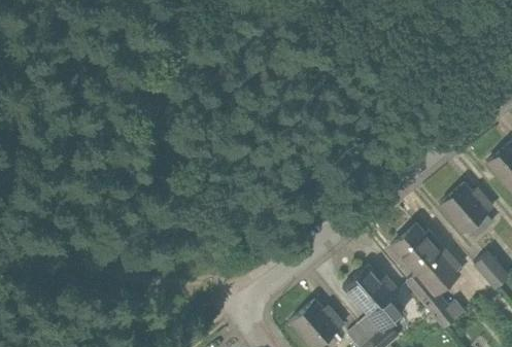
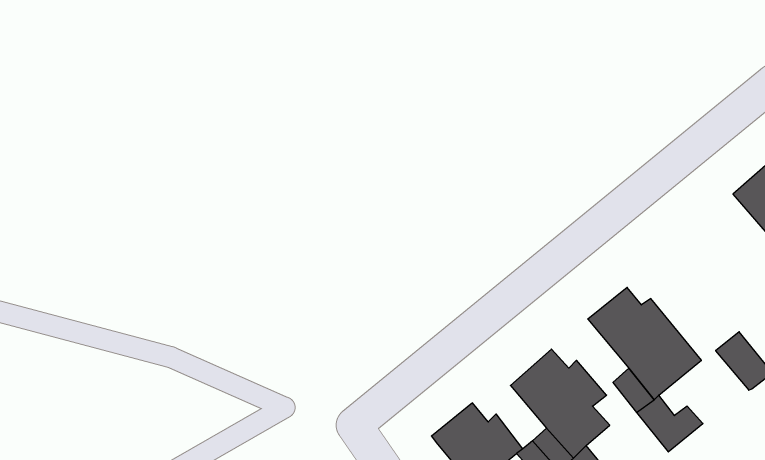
building: [437,180,494,235] -> none

